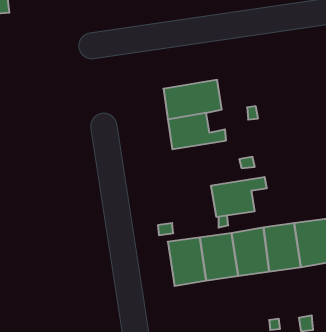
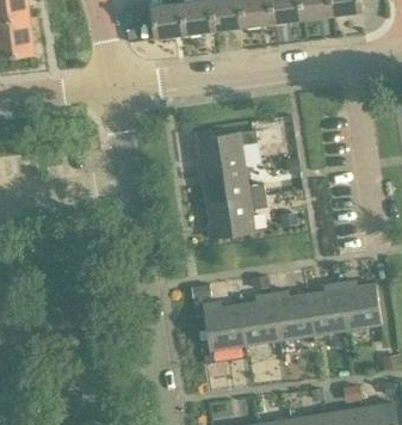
building: [211,177,267,217] -> [208,195,268,238]

